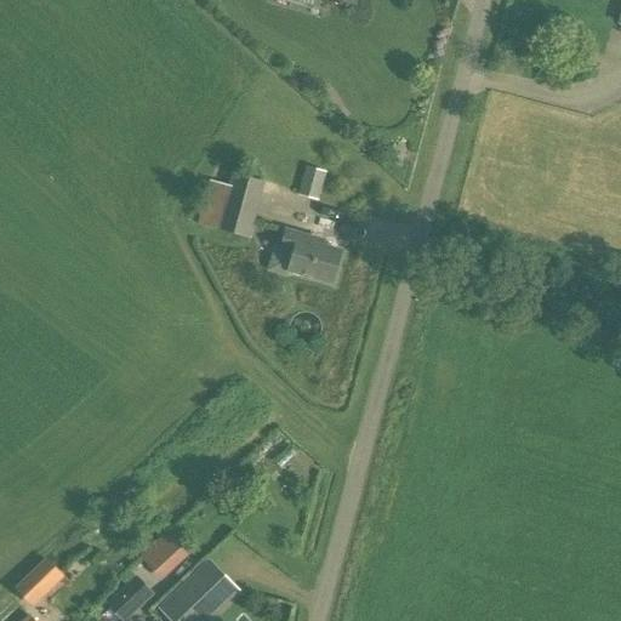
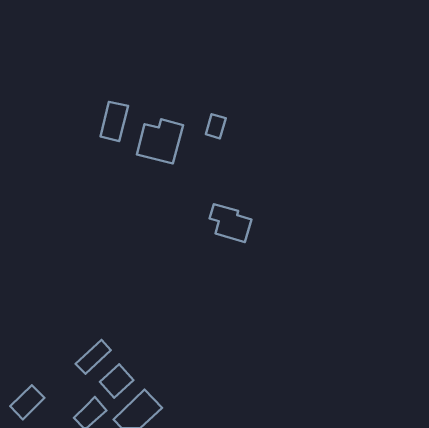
building: none -> [101,102,128,141]
building: [280,228,341,283] -> [209,204,251,242]
building: none -> [75,340,111,374]

